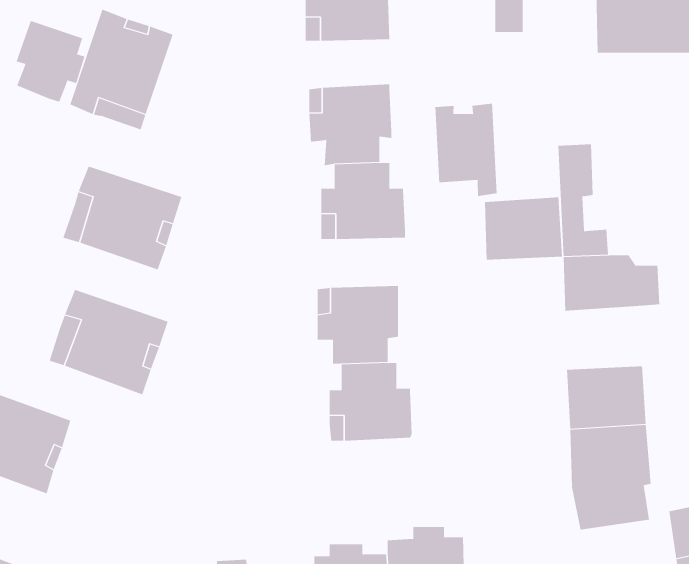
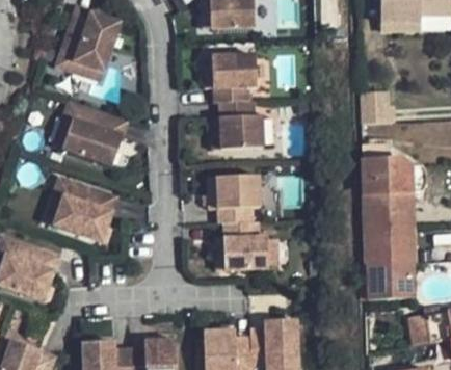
building: [16,20,85,102] -> none
building: [435,103,497,197] -> none
building: [484,197,563,260] -> [361,188,408,227]

